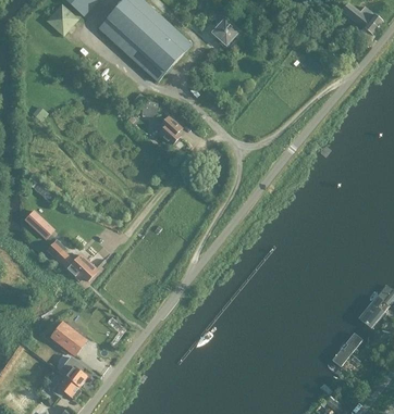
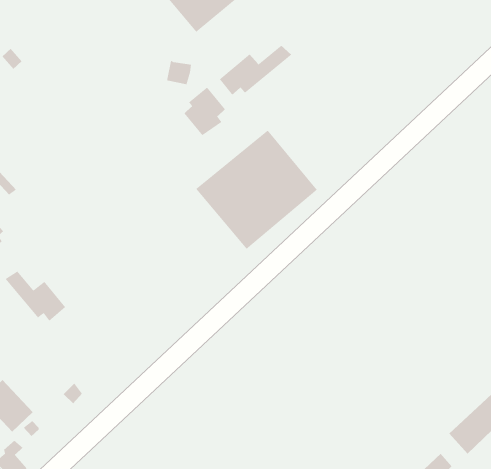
building: none -> [219,45,292,96]
building: none -> [195,129,318,250]

